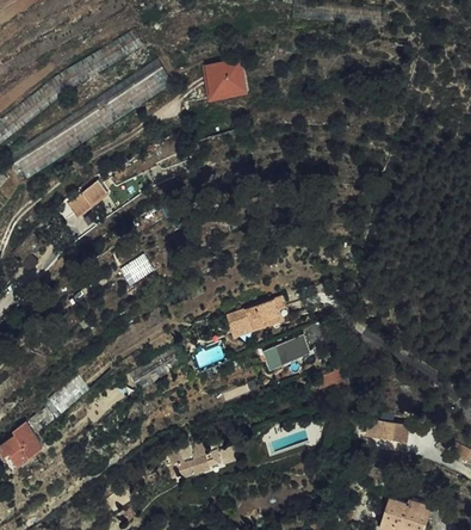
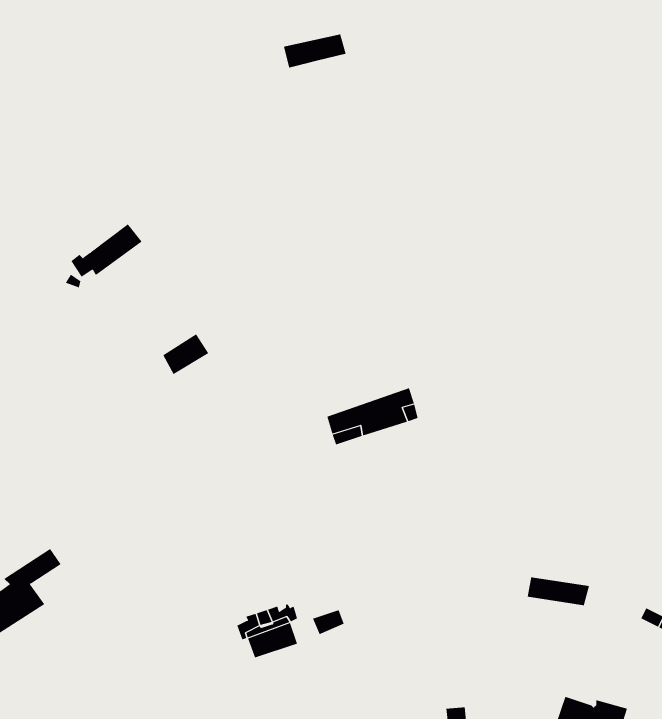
building: [204,76,247,104] -> none
building: [262,329,312,368] -> none

